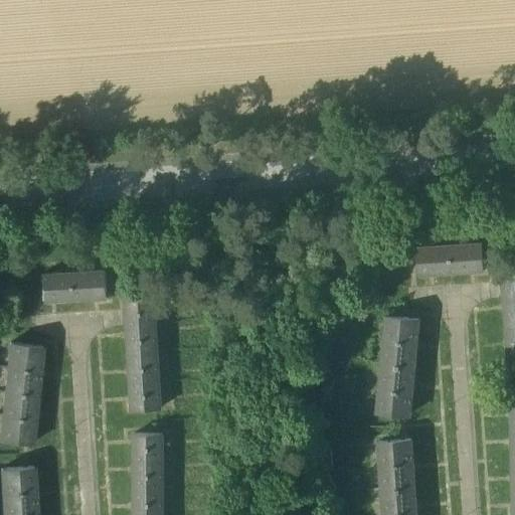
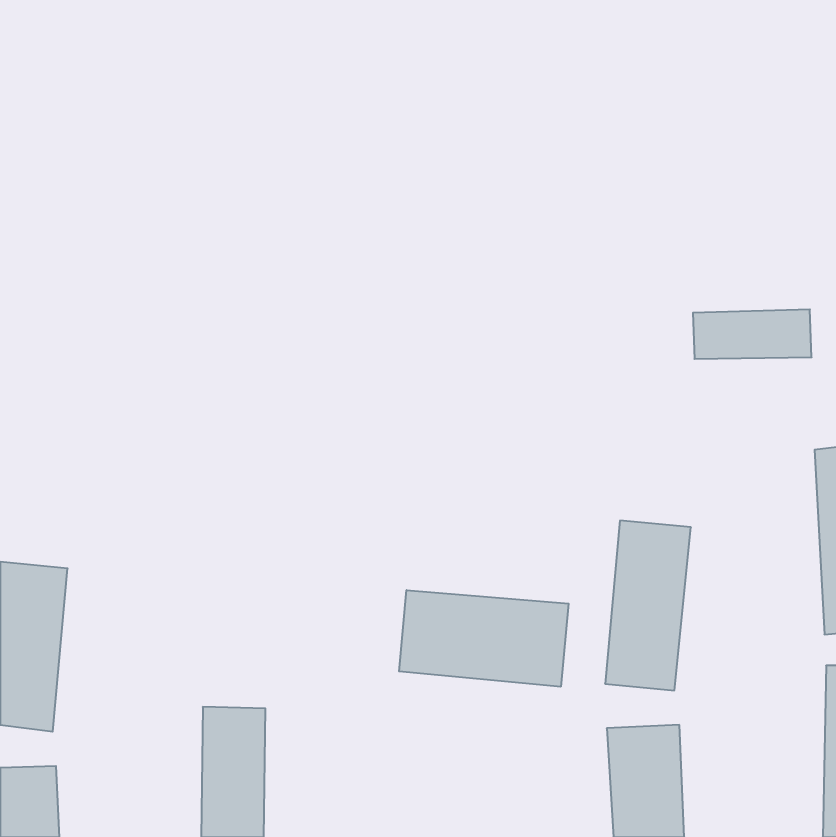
building: [417,245,490,276] -> [693,309,812,359]
building: [38,271,111,301] -> none
building: [122,298,164,412] -> none
building: none -> [399,590,569,687]

